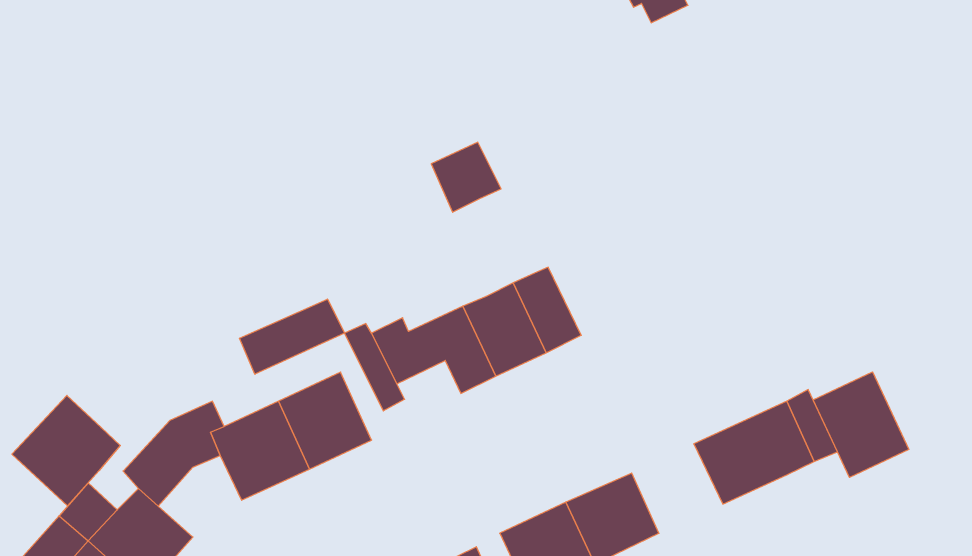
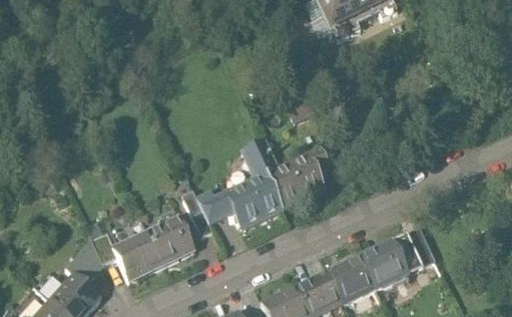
building: [431,142,501,212] -> [242,141,279,178]
building: none -> [286,146,330,198]
building: [240,299,344,374] -> none
building: [813,372,909,477] -> none
building: [12,395,120,506] -> none
building: none -> [329,254,376,300]

